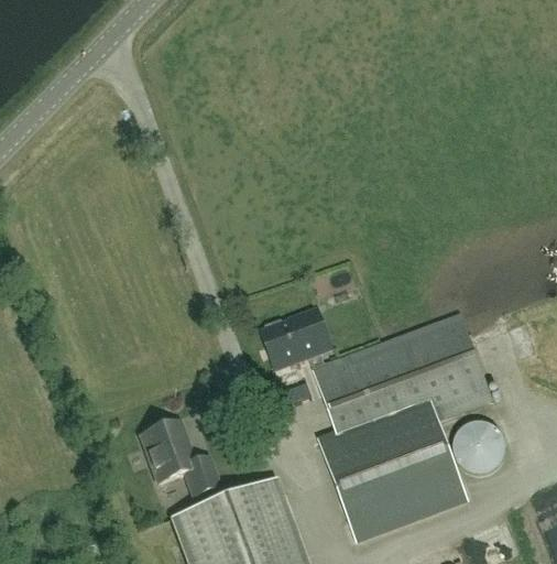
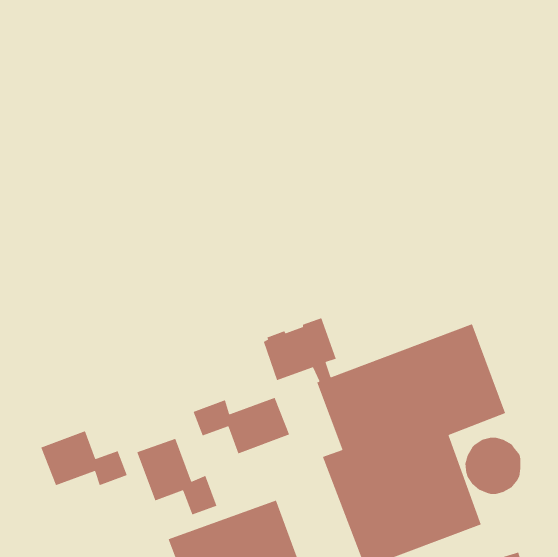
building: none -> [193,397,290,454]
building: none -> [40,430,128,486]

